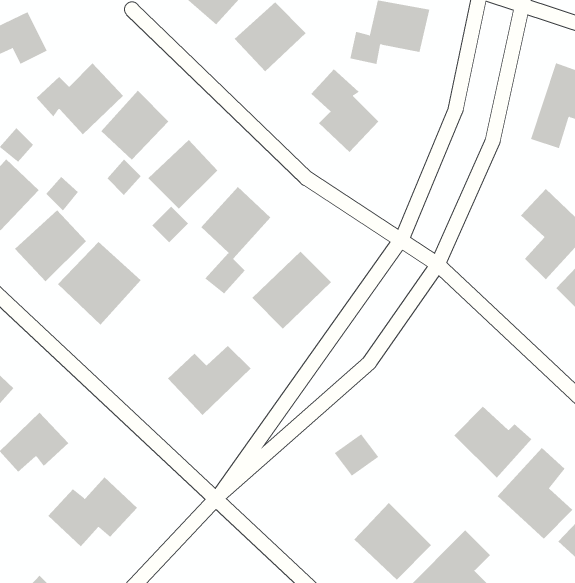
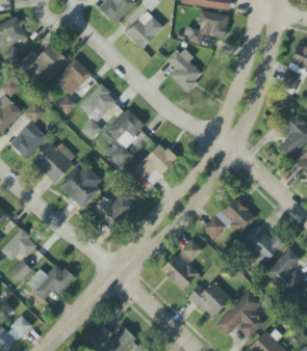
building: none -> [60,163,103,207]
building: none -> [206,196,256,239]
building: none -> [160,253,197,291]

